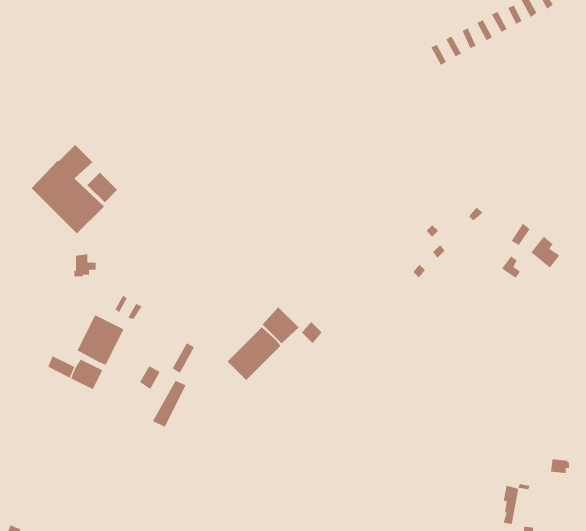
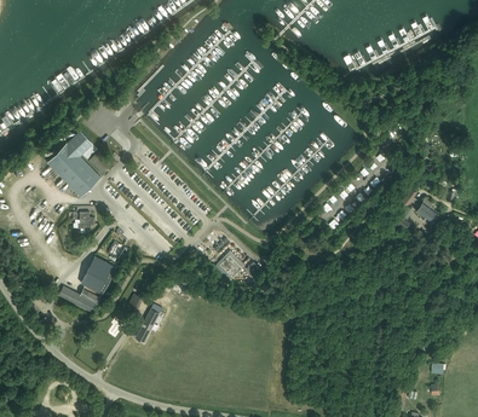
building: [227,326,281,381] -> none

